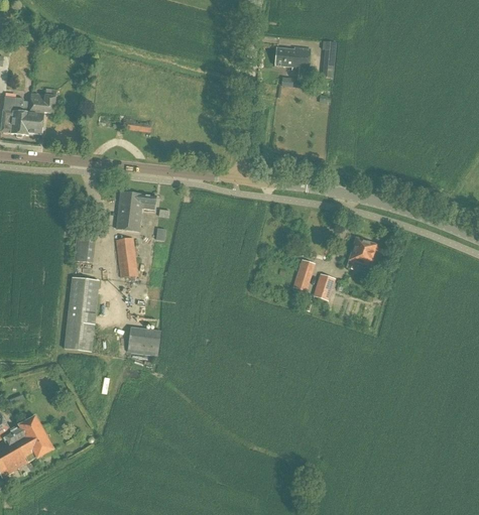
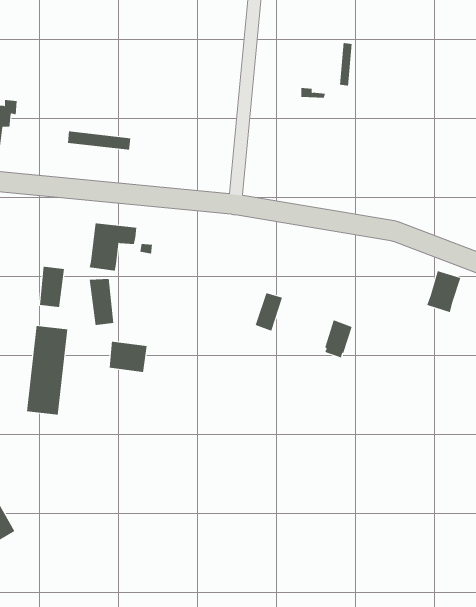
building: [274,47,311,76] -> none
building: [347,238,376,273] -> [426,271,461,313]
building: [292,259,316,291] -> [255,293,283,331]
building: [128,329,160,355] -> [109,341,147,373]

